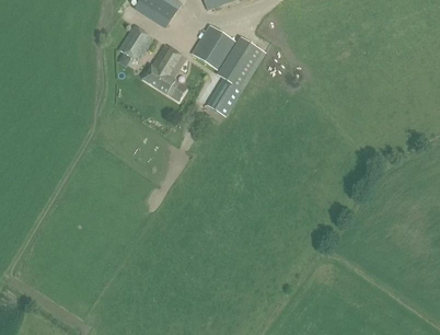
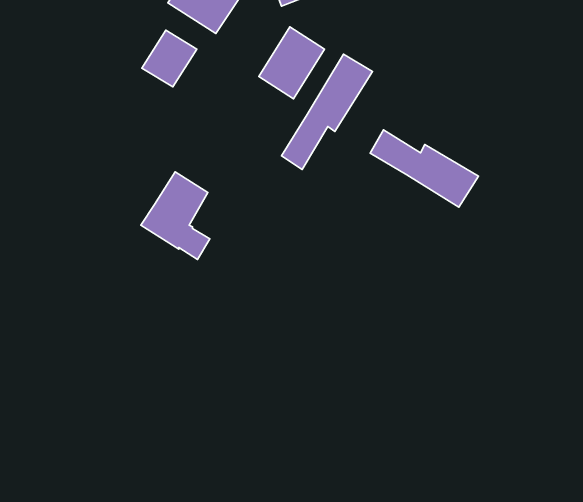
building: [141,45,185,101] -> [141,172,210,260]
building: none -> [370,130,478,207]

